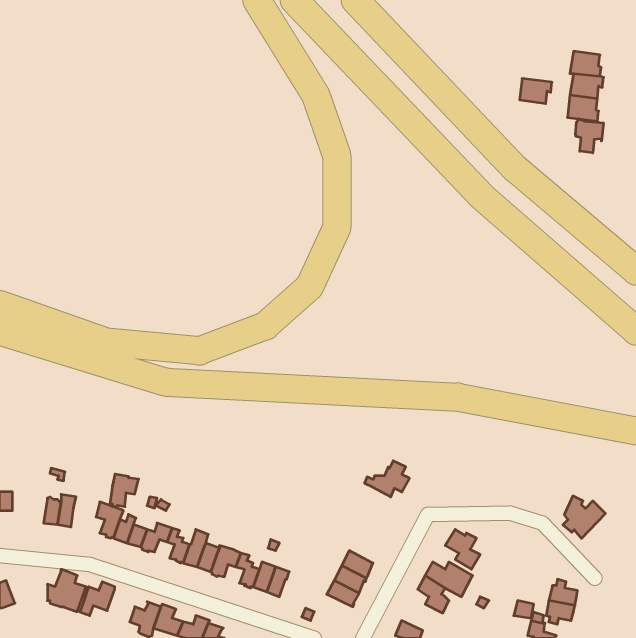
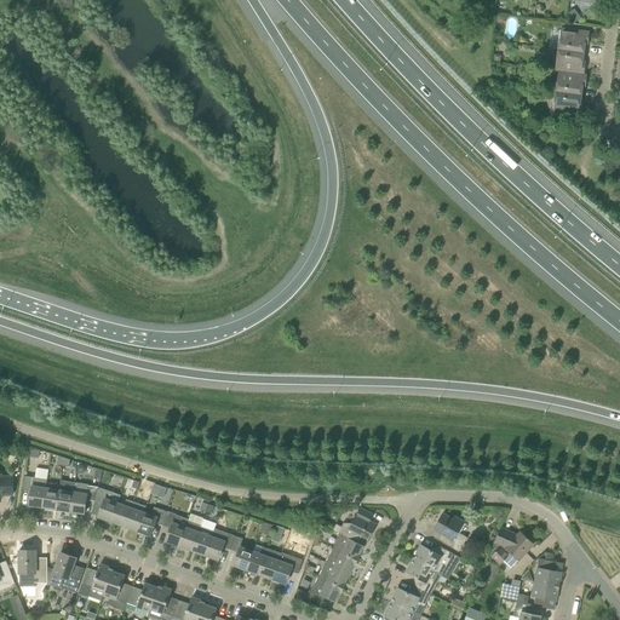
building: [520,79,552,104] -> [557,29,589,53]
building: [576,119,603,153] -> none
building: [365,461,409,497] -> [332,509,375,544]
building: [110,474,139,507] -> [69,482,97,513]
building: none -> [22,476,46,509]
building: [563,496,605,538] -> [490,528,532,569]
building: none -> [18,551,46,586]
building: none -> [271,553,302,584]
building: none -> [102,572,131,612]
building: none -> [308,576,343,604]
building: none -> [390,586,430,612]

